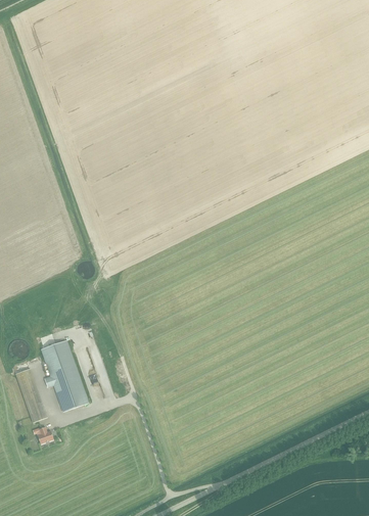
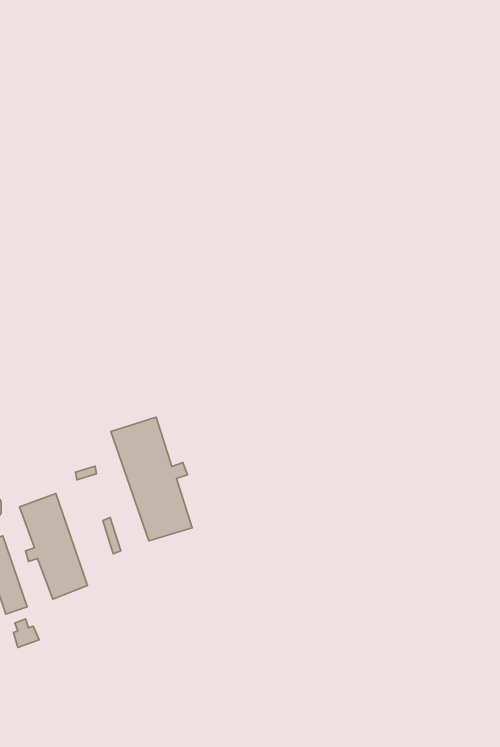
building: none -> [111,417,192,541]

